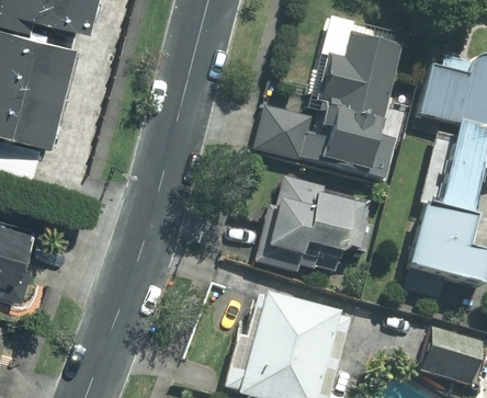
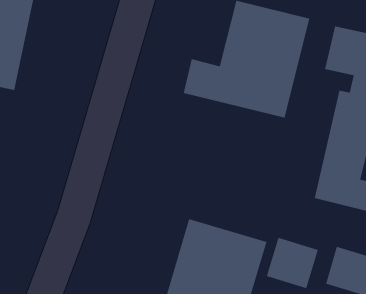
building: [264,180,378,272] -> none
building: none -> [266,237,319,289]

